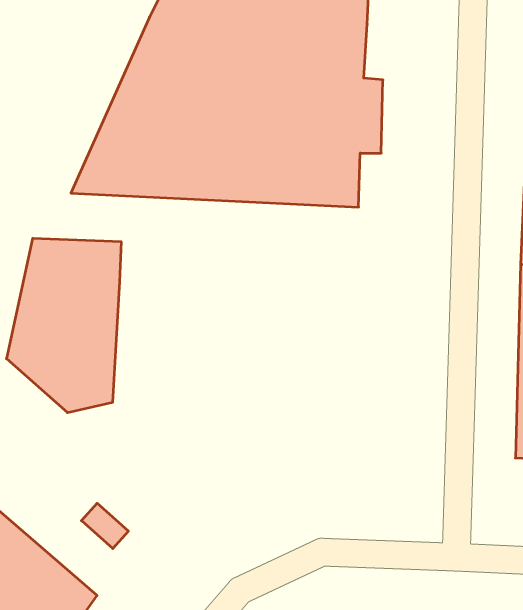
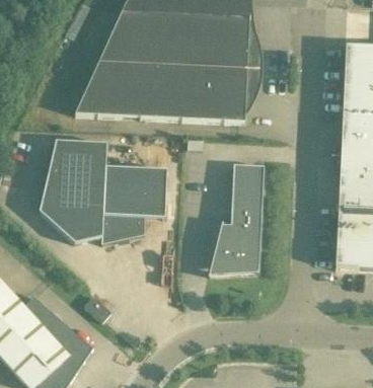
building: none -> [209,163,264,274]
building: none -> [101,165,166,242]

